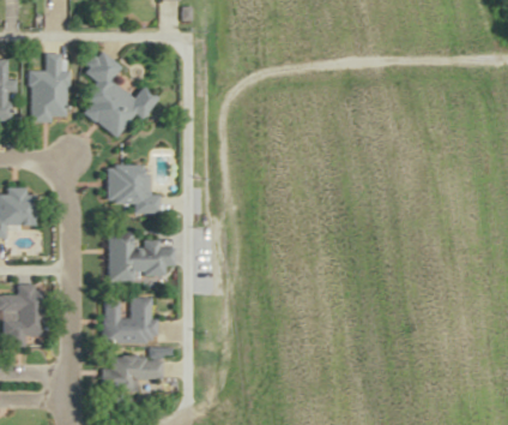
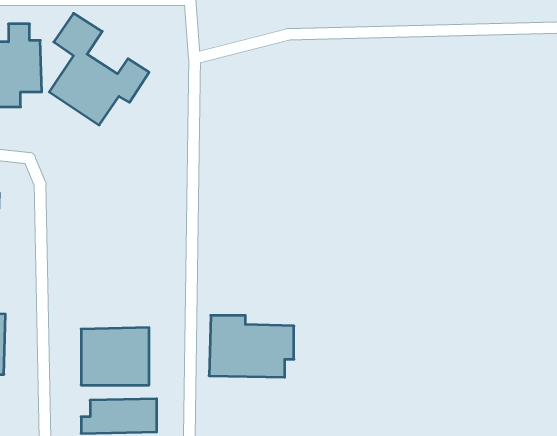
building: [105,166,158,216] -> none
building: [107,232,174,281] -> [209,315,294,377]

